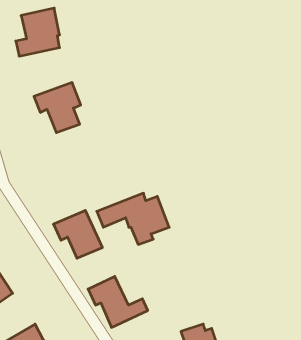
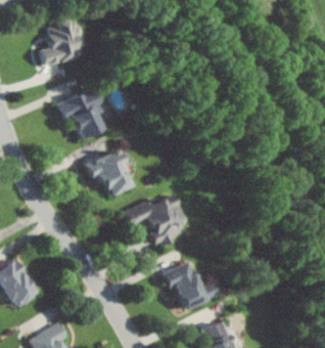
building: [53,210,102,258] -> [85,149,132,195]
building: [88,276,148,327] -> [163,260,220,309]

